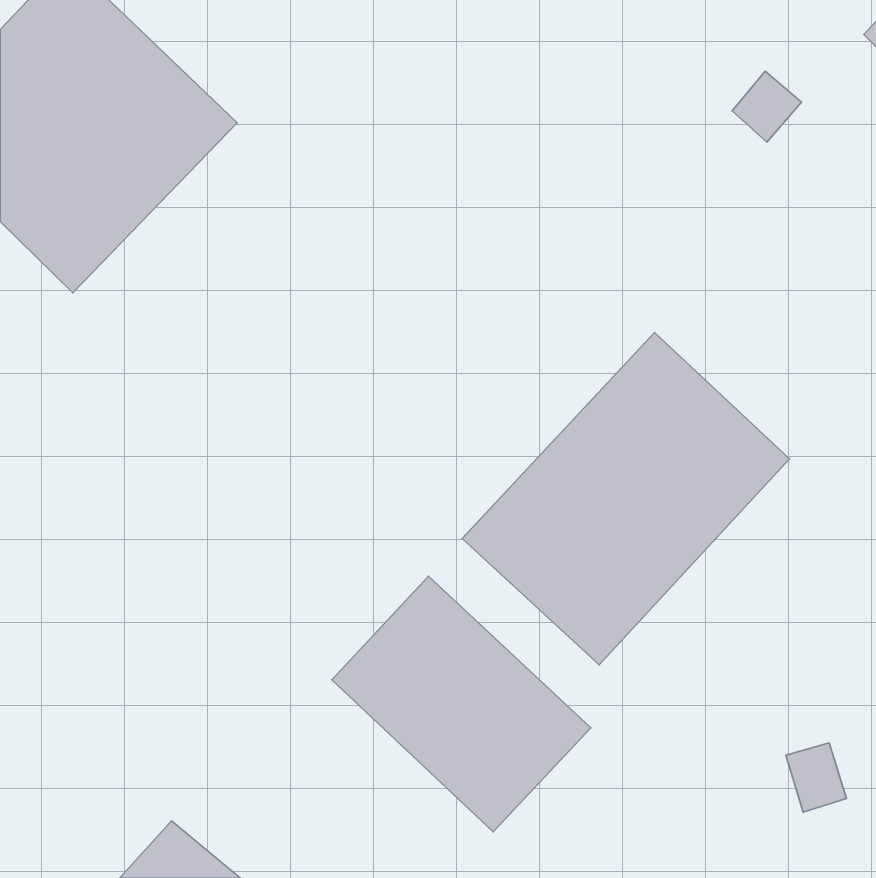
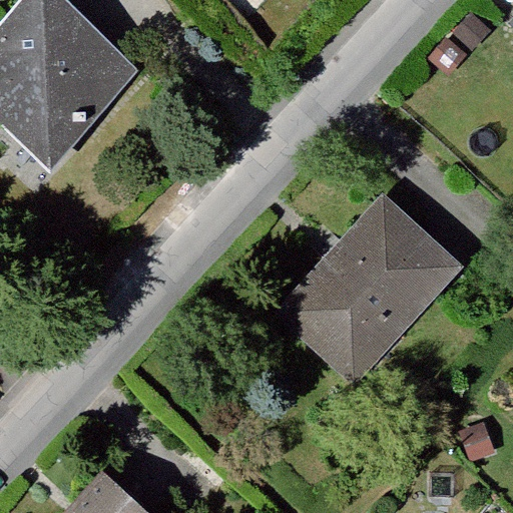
building: [332,576,591,832] -> none

